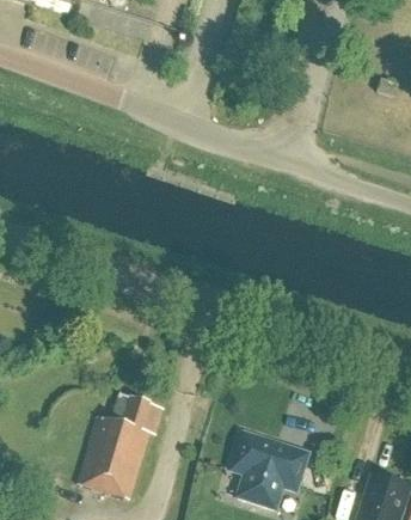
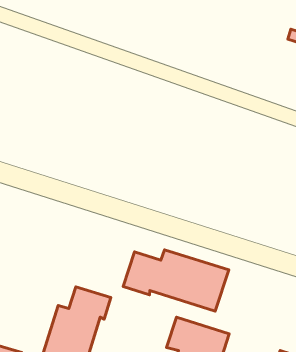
building: none -> [123,250,229,311]

